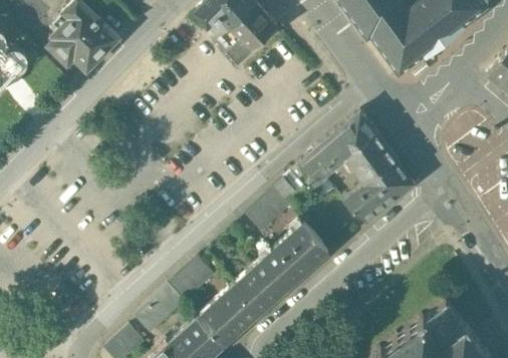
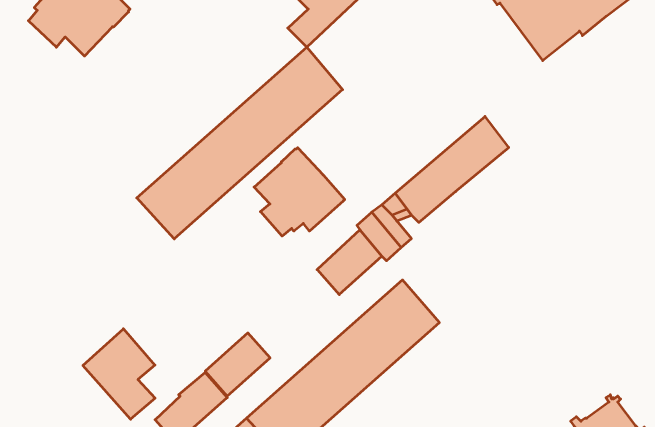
building: none -> [137,47,343,239]
building: [340,133,416,223] -> none
building: none -> [254,148,345,236]
building: none -> [83,329,155,419]

